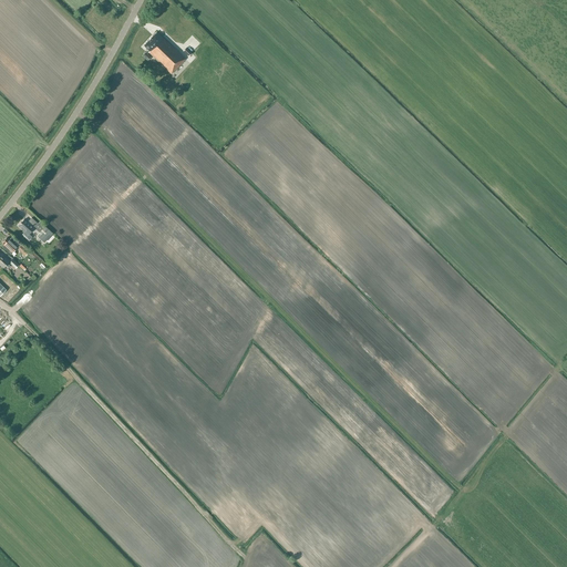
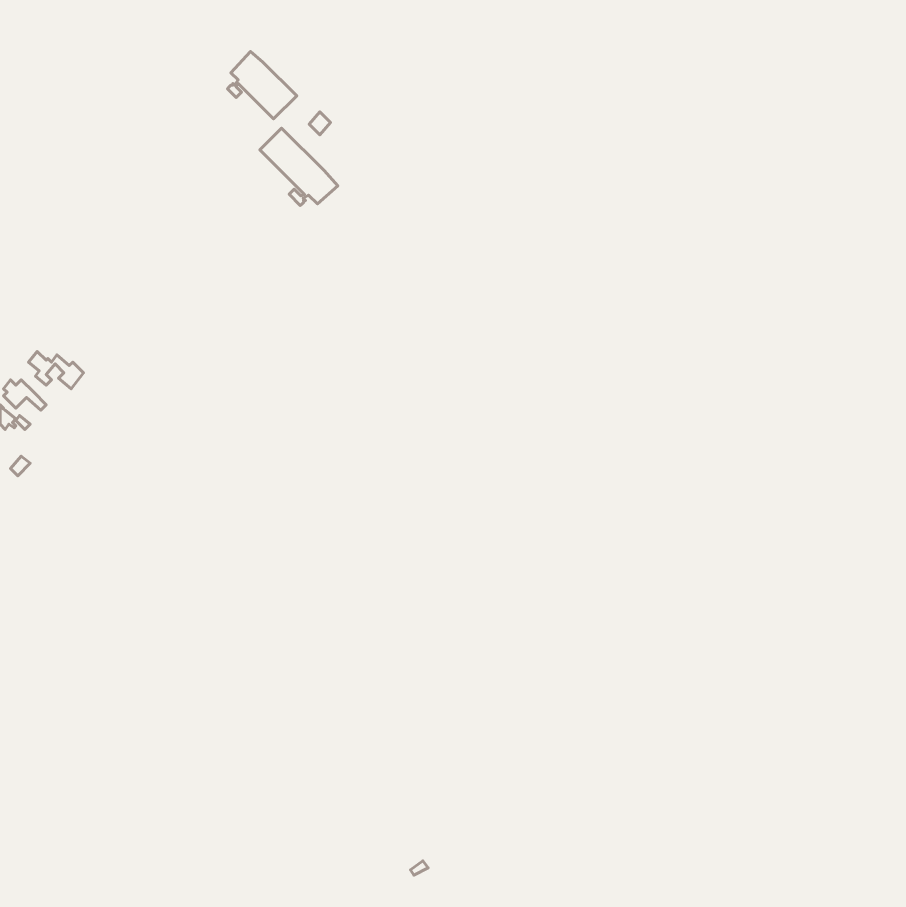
building: none -> [260,128,338,205]

